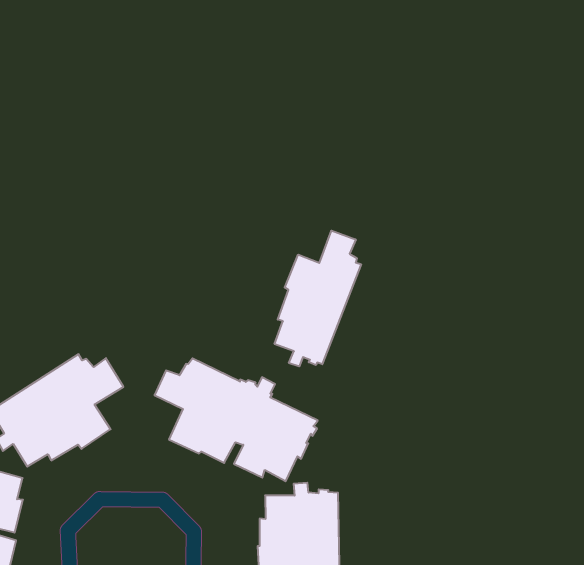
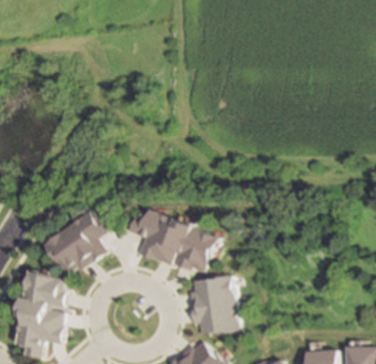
building: [275,231,361,366] -> none

